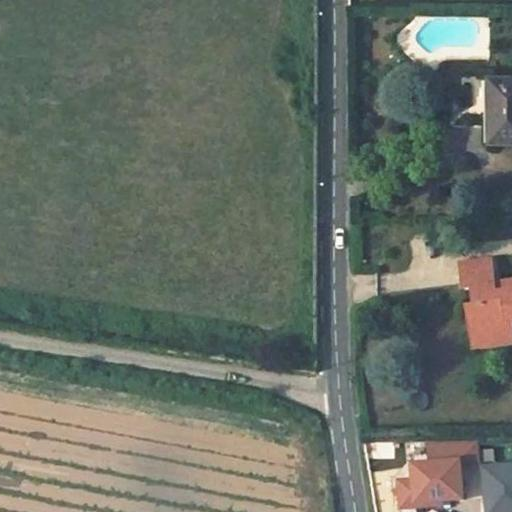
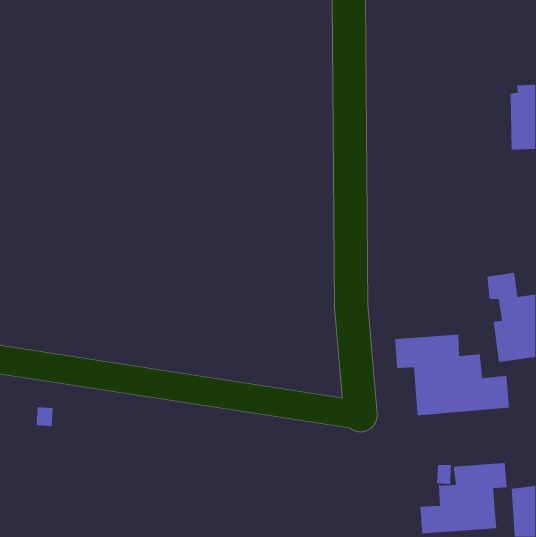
building: none -> [395,334,510,416]

